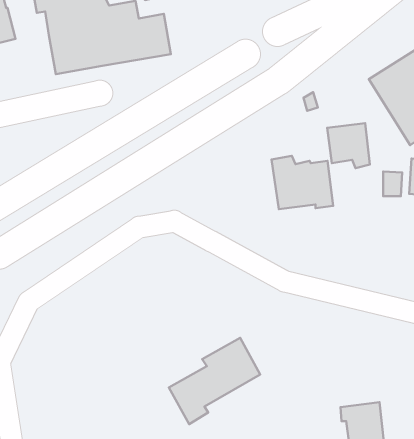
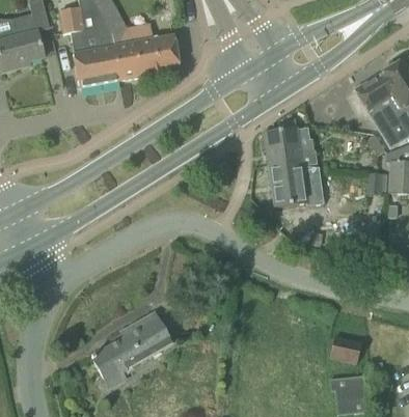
building: [327,123,370,168] -> [265,126,302,165]
building: [169,338,260,424] -> [92,311,172,387]
building: none -> [330,336,361,362]

